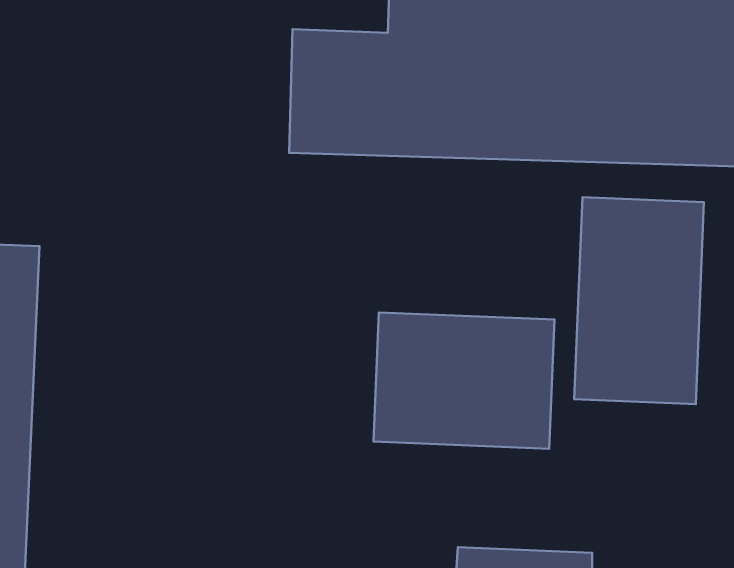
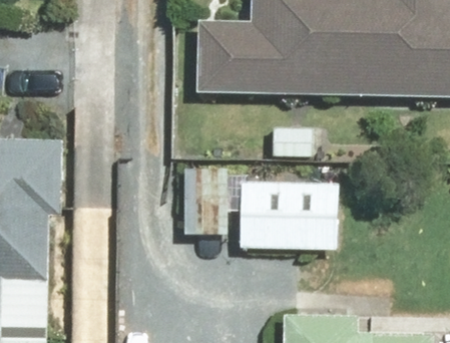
building: [574,197,704,404] -> none

